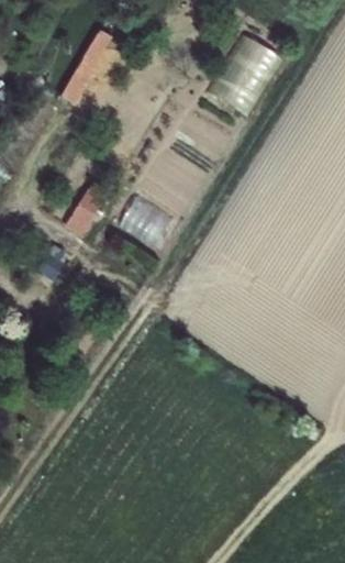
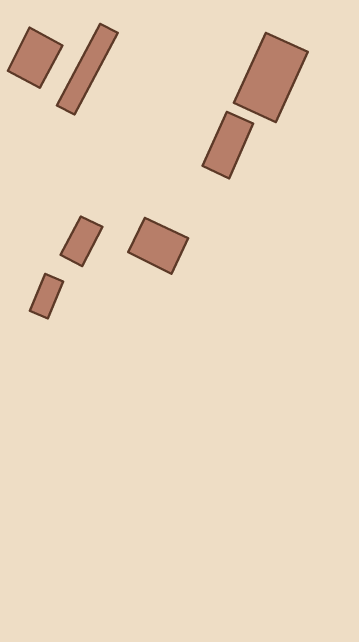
building: none -> [8,28,62,88]
building: none -> [202,112,253,178]

